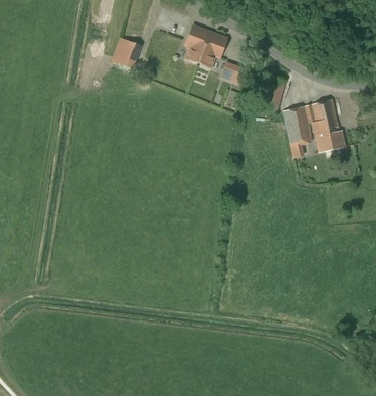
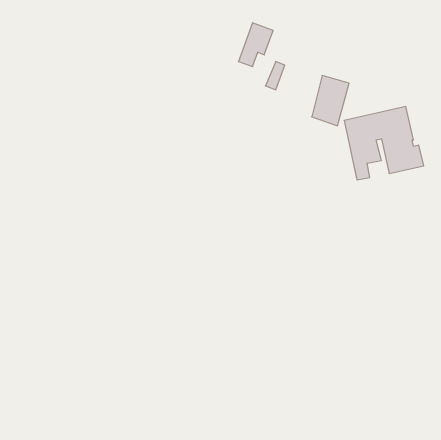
building: [185,24,211,62] -> none
building: [112,37,142,67] -> none

